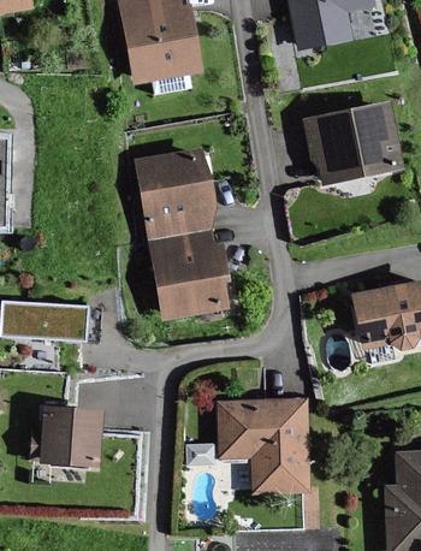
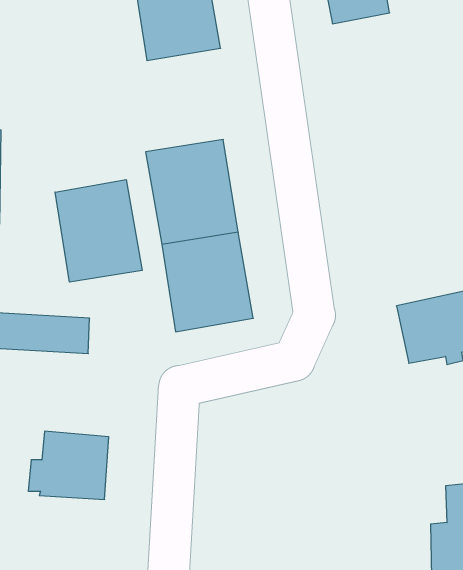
building: [303,102,401,183] -> none
building: none -> [55,180,142,282]
building: [217,399,308,491] -> none

